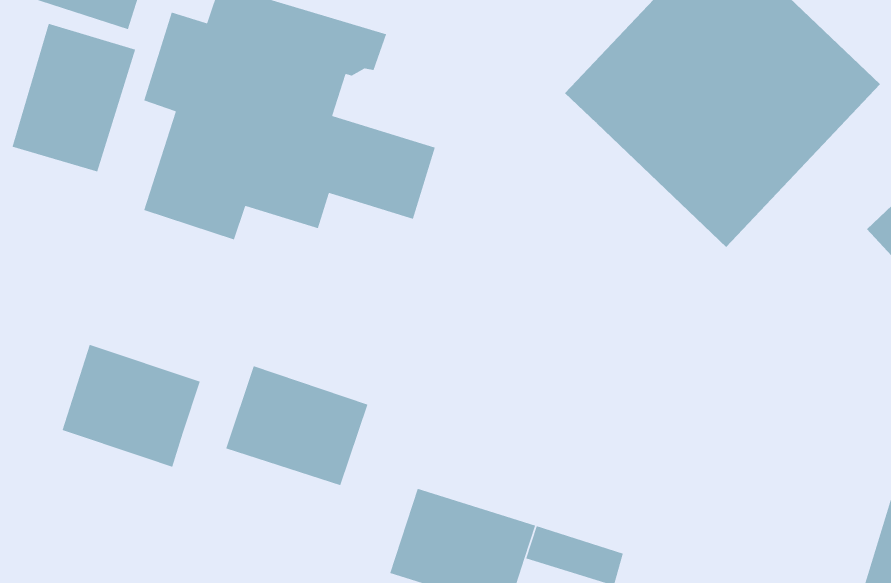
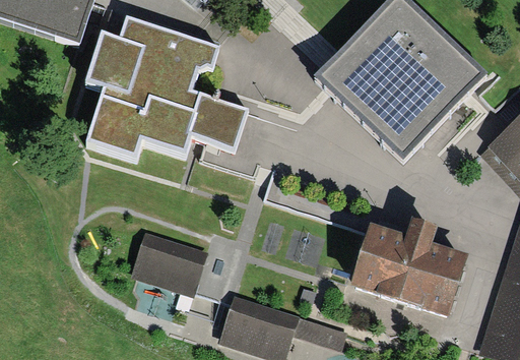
building: [11,23,136,172] -> none
building: [61,344,201,468] -> none
building: none -> [351,221,470,319]

